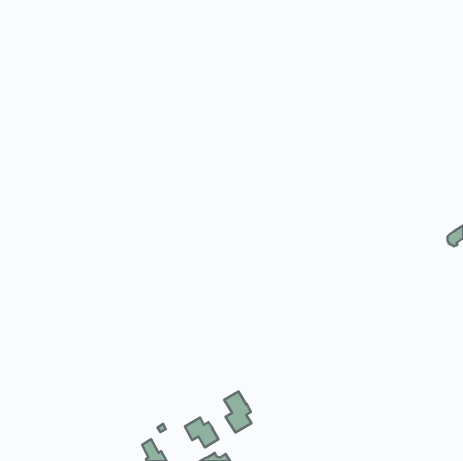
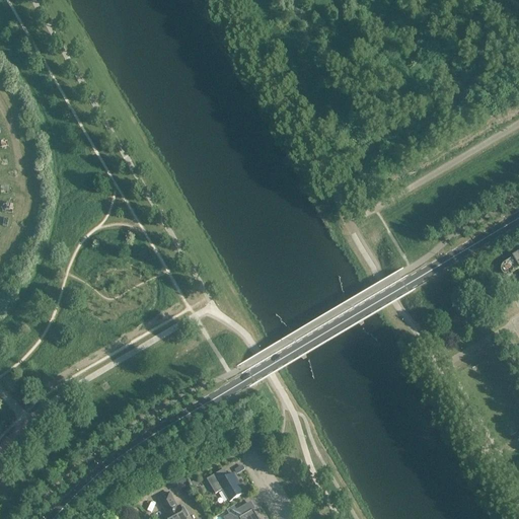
building: [224,392,252,433] -> none

